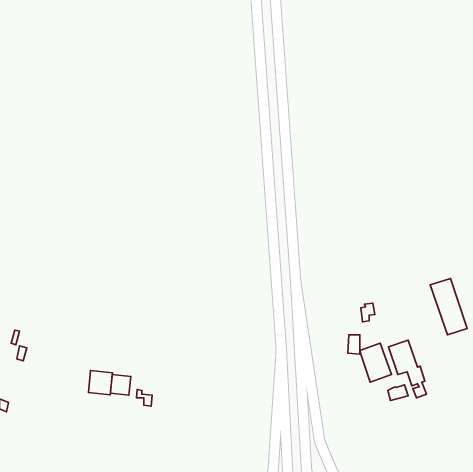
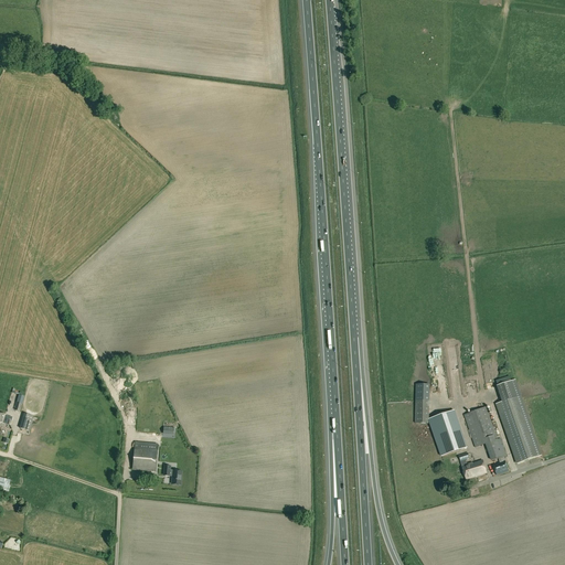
building: [430,278,467,335] -> [495,394,540,461]
building: [88,371,112,395] -> none

